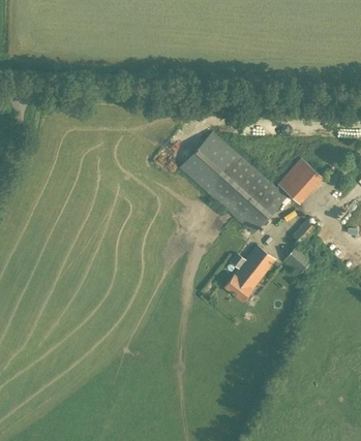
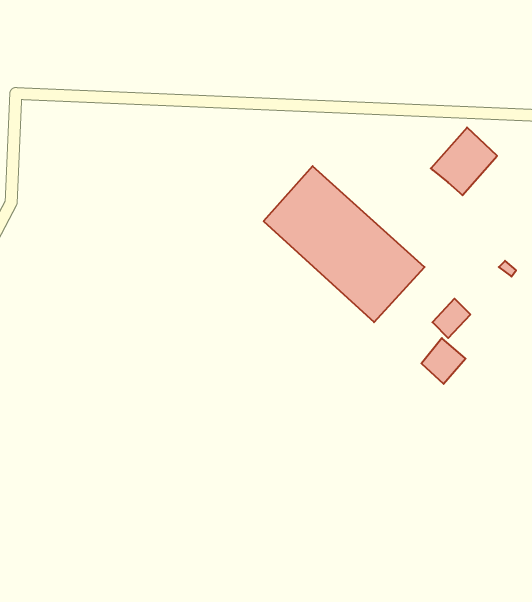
building: [278,158,322,202] -> [431,127,497,195]
building: [224,245,276,302] -> none

